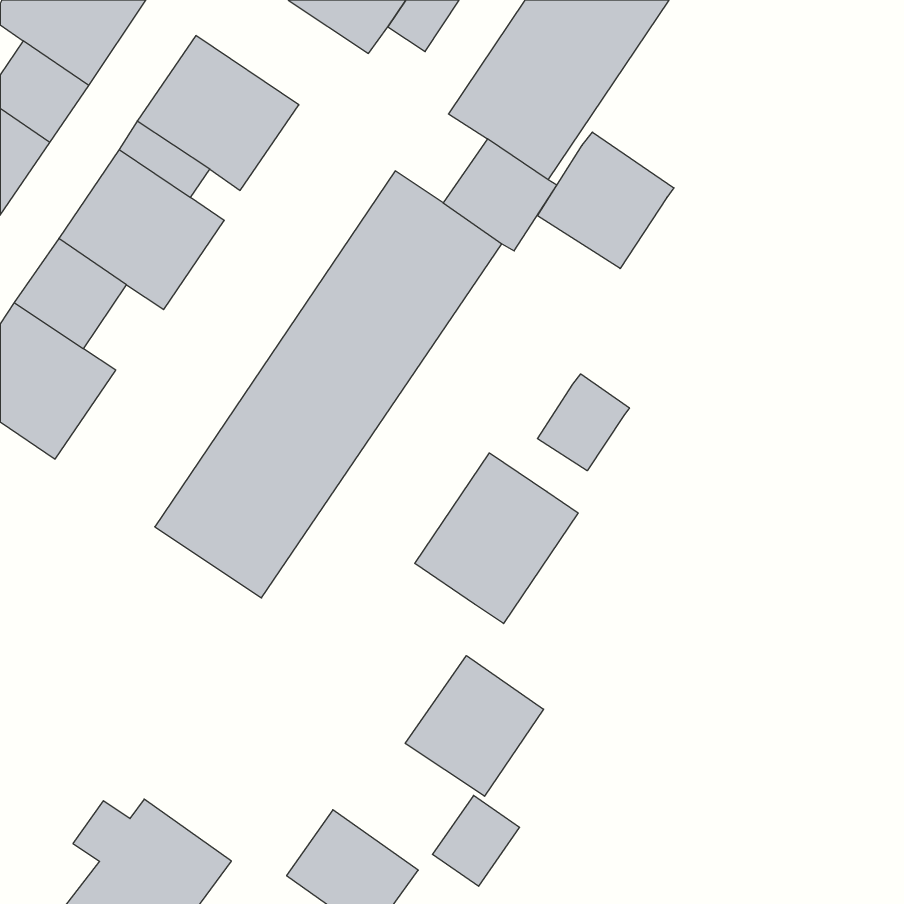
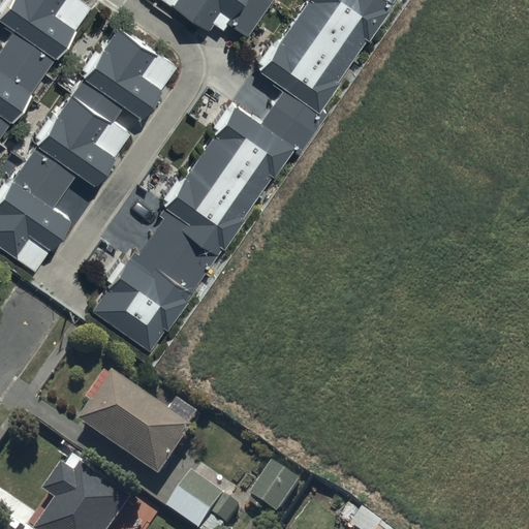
building: [538,132,674,269] -> none
building: [537,374,629,471] -> none
building: [415,453,578,624] -> none
building: none -> [84,375,196,478]
building: [405,656,544,796] -> none

